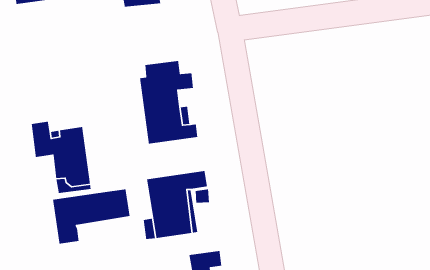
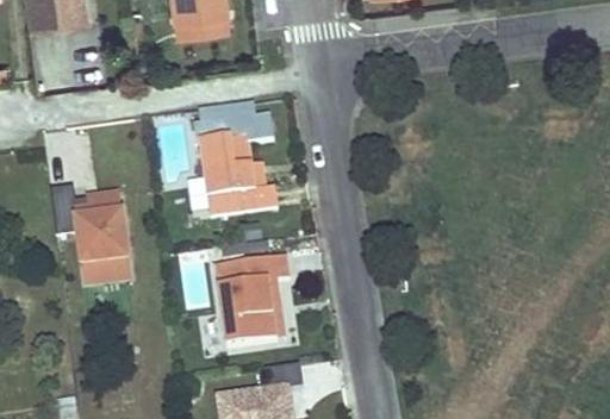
building: [52,189,131,245] -> none

